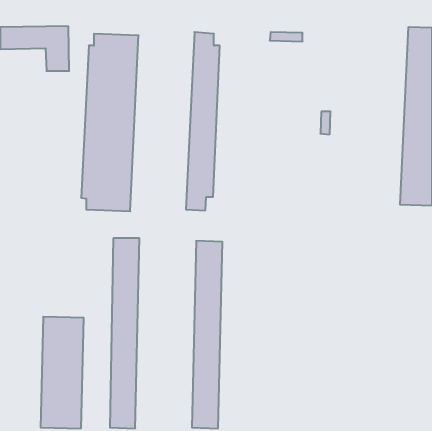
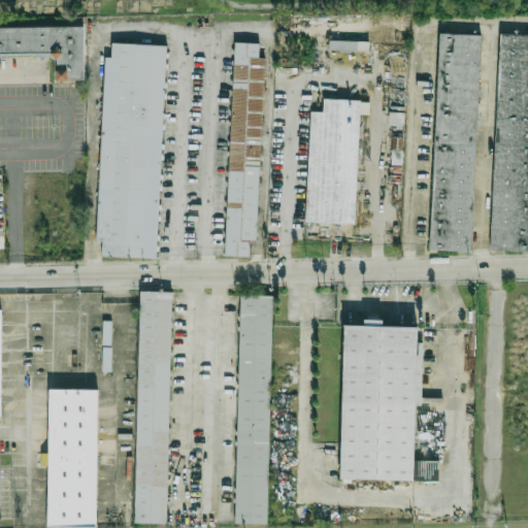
building: none -> [428,32,480,251]
building: none -> [304,98,360,224]
building: none -> [341,325,419,480]

